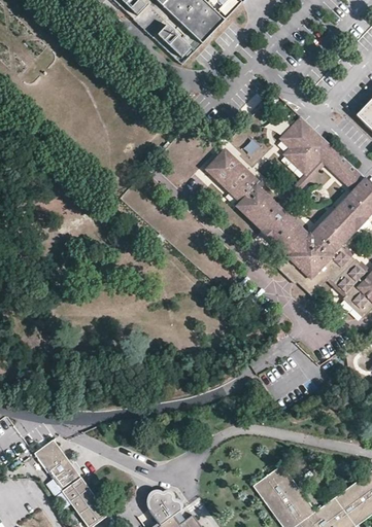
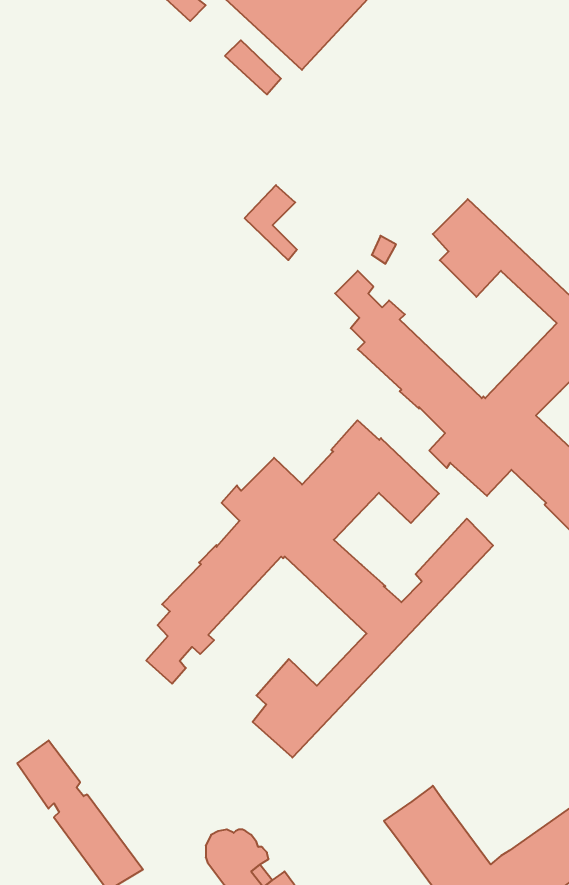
building: [206,150,237,195] -> [245,185,297,260]
building: none -> [146,420,493,758]

